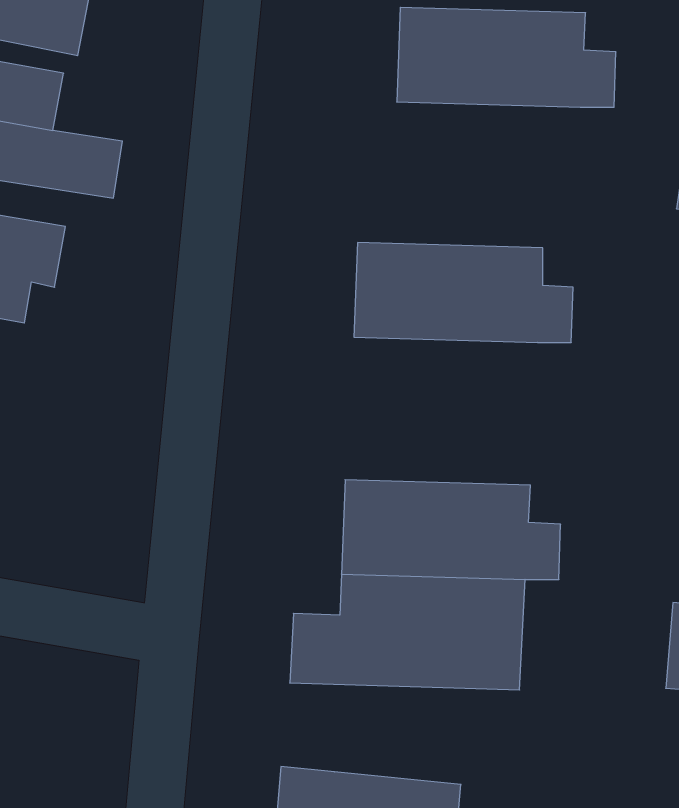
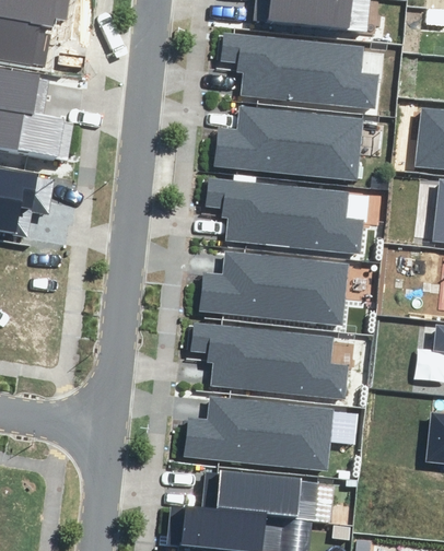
building: none -> [213,98,358,169]
building: none -> [188,243,331,314]
building: none -> [207,471,323,520]

